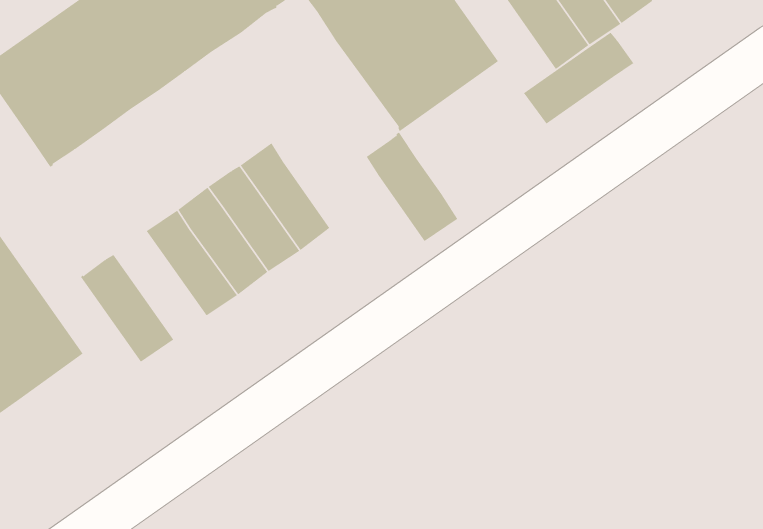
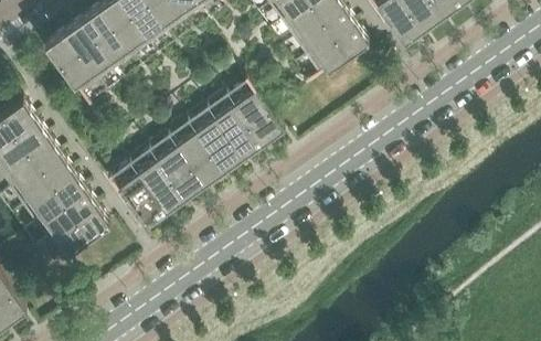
building: [523,32,634,124] -> none
building: [366,132,458,242] -> [225,74,283,142]
building: none -> [127,145,184,212]

